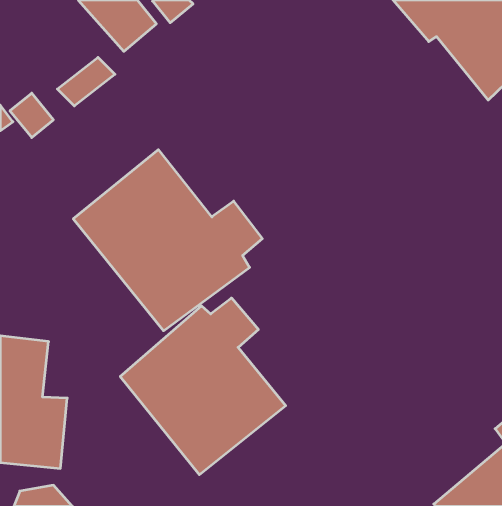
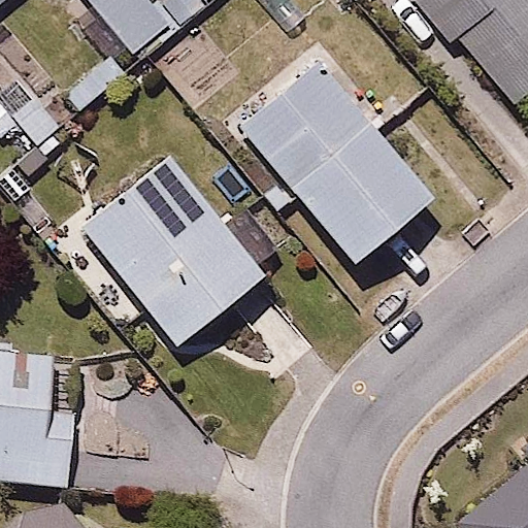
building: none -> [238,60,432,263]
building: [120,298,286,475] -> none

